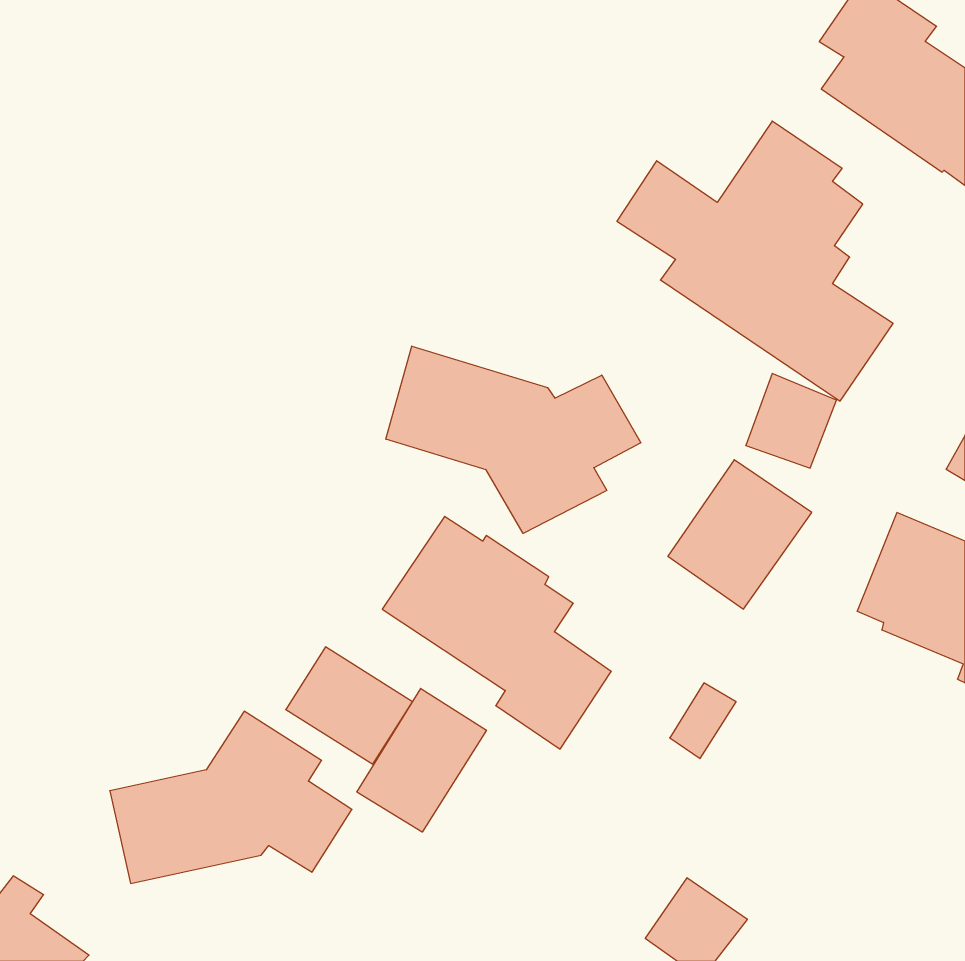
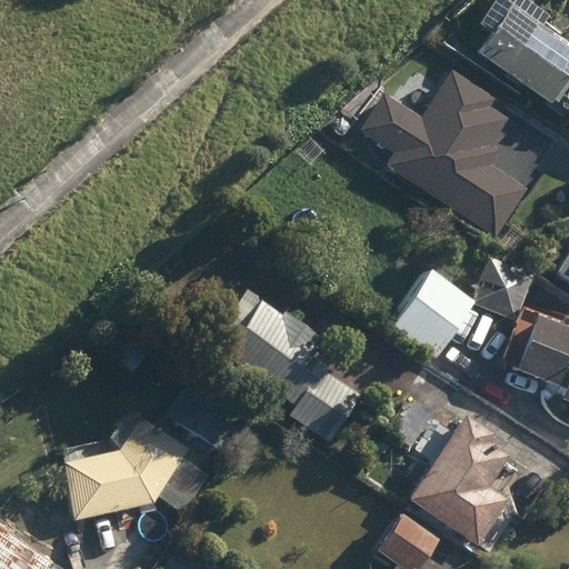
building: [386,346,641,533] -> none
building: [746,374,837,468] -> [476,261,529,317]
building: [357,688,486,832] -> none
building: none -> [411,417,511,545]

